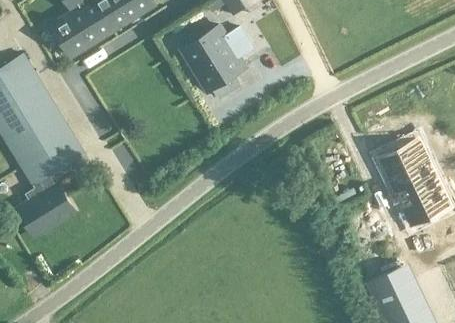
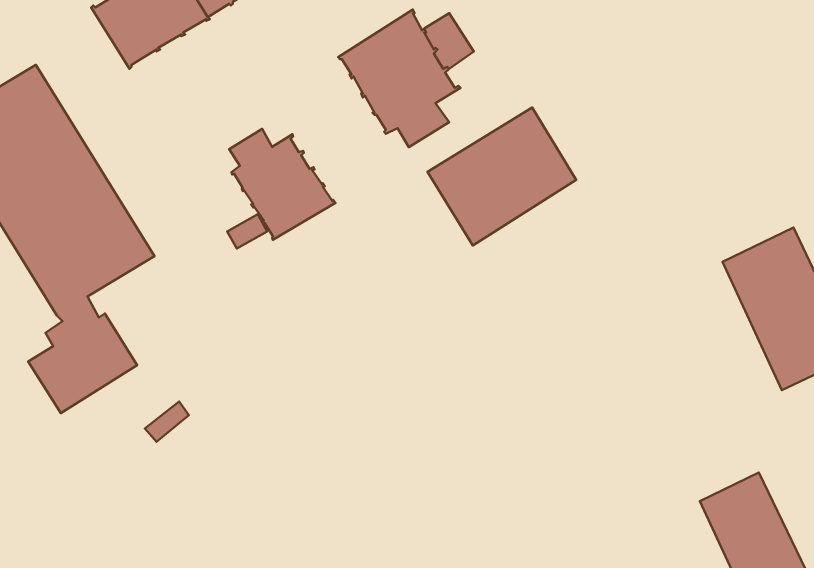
building: none -> [427,108,576,245]
building: none -> [229,129,336,240]

